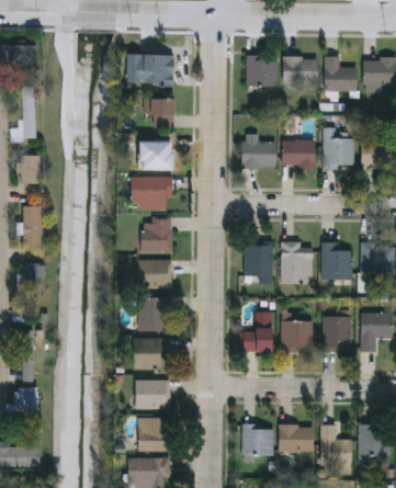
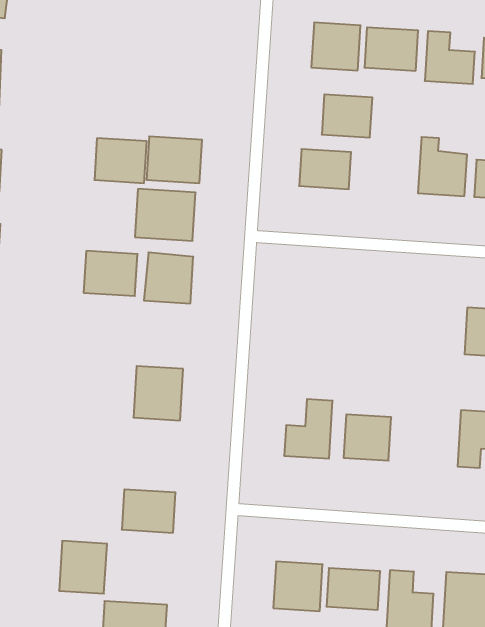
building: [128,53,171,83] -> none
building: [139,99,173,127] -> [94,138,147,183]
building: [282,139,315,167] -> [322,94,372,137]
building: [245,240,274,275] -> none
building: [282,240,314,283] -> none
building: [323,241,353,279] -> none
building: [138,259,173,287] -> [84,251,138,296]
building: [326,316,353,351] -> none
building: [133,338,172,370] -> none
building: [139,418,170,452] -> [59,541,107,594]

